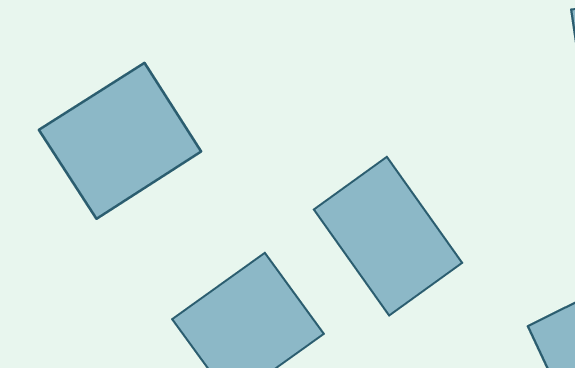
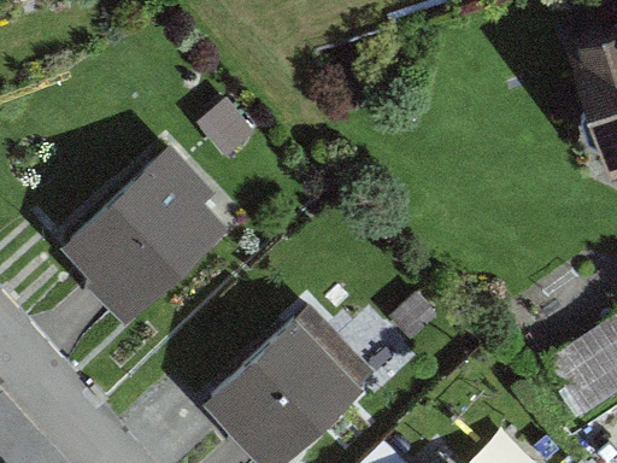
building: [314,157,462,315] -> none

